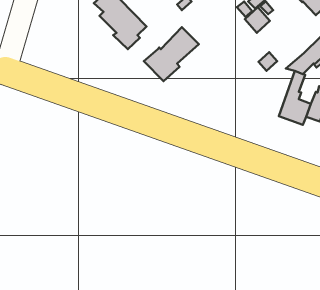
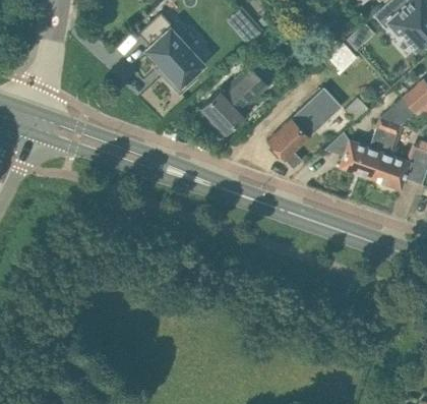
building: none -> [267,88,343,168]
building: none -> [324,117,390,177]

